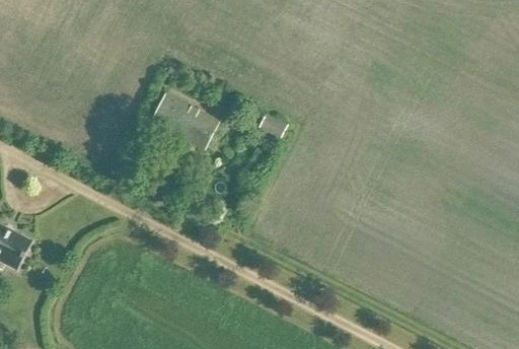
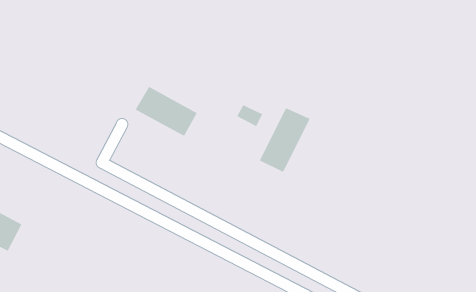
building: none -> [259,107,311,173]

